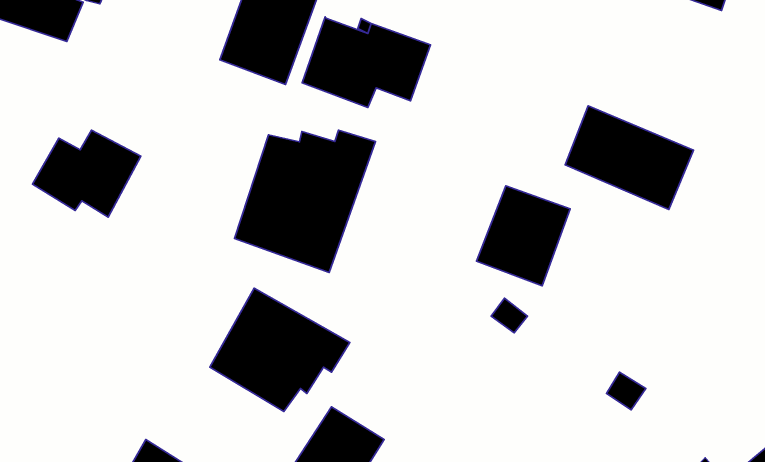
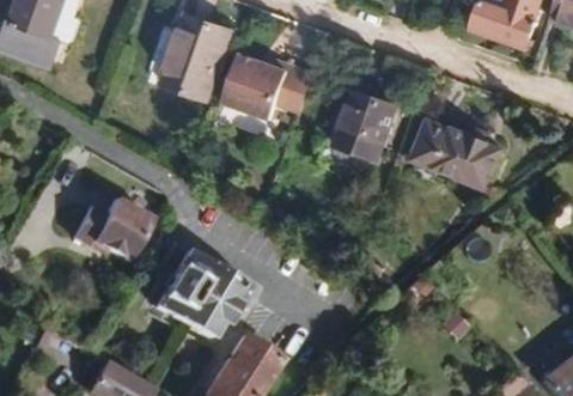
building: [32,130,141,217] -> [72,199,151,262]
building: [234,130,375,273] -> none
building: [476,186,570,286] -> [331,90,400,163]

